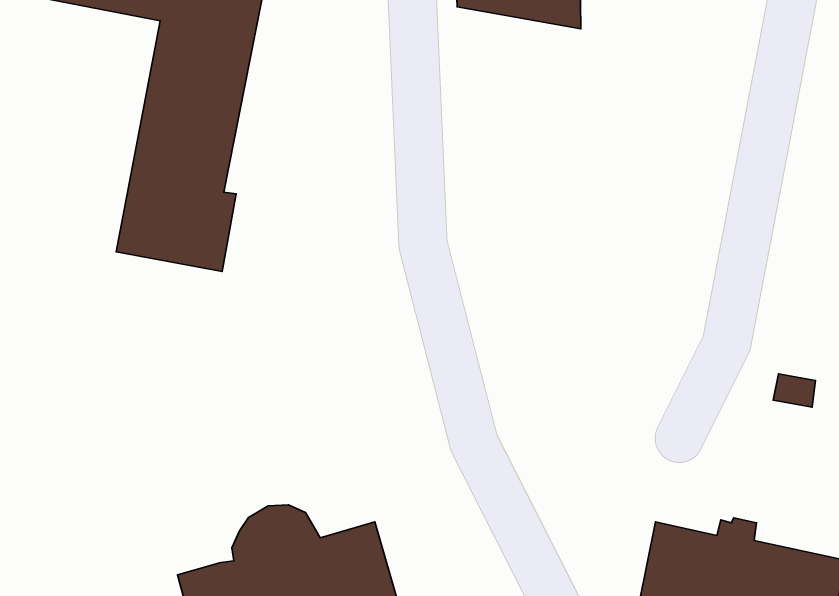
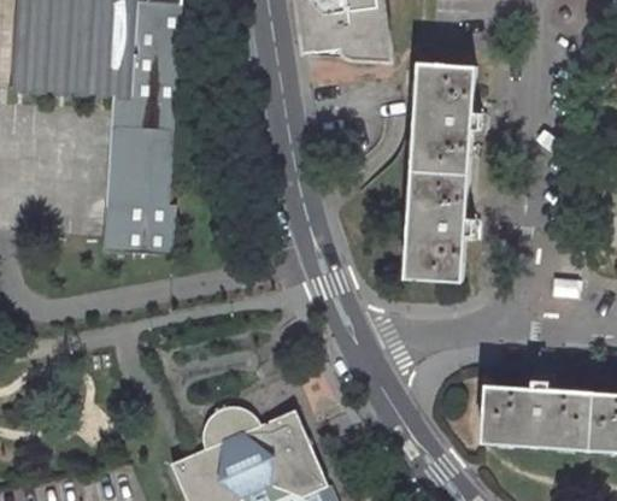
building: none -> [404,61,482,278]

